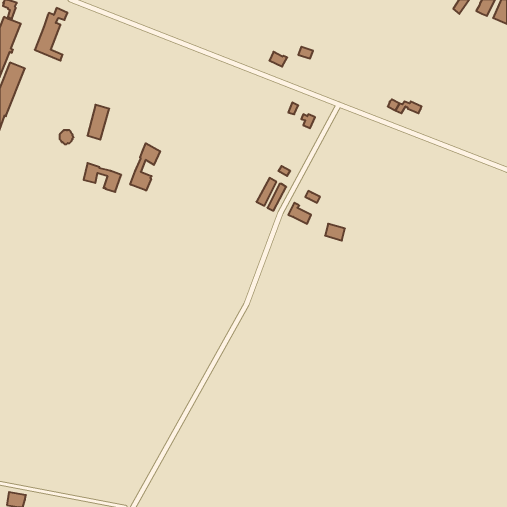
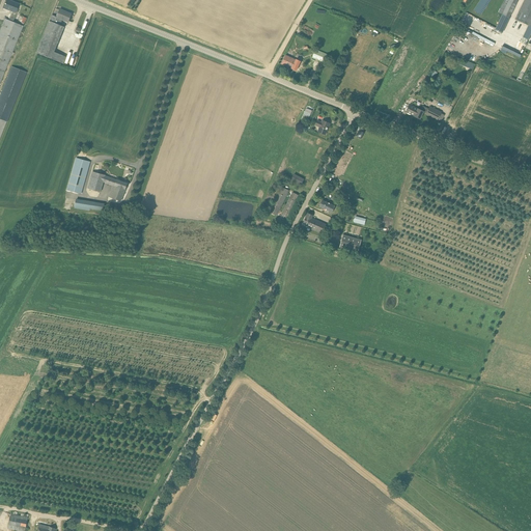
building: [87,105,109,140] -> [66,157,89,193]
building: [130,143,160,191] -> none

